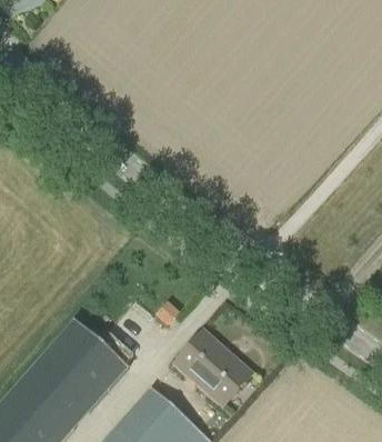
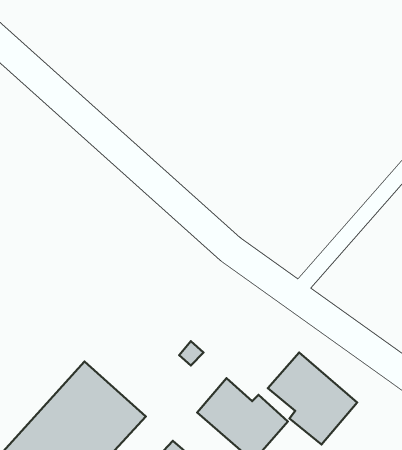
building: none -> [268,352,357,444]

